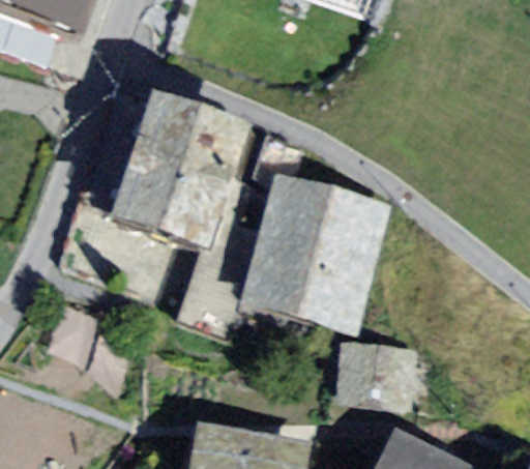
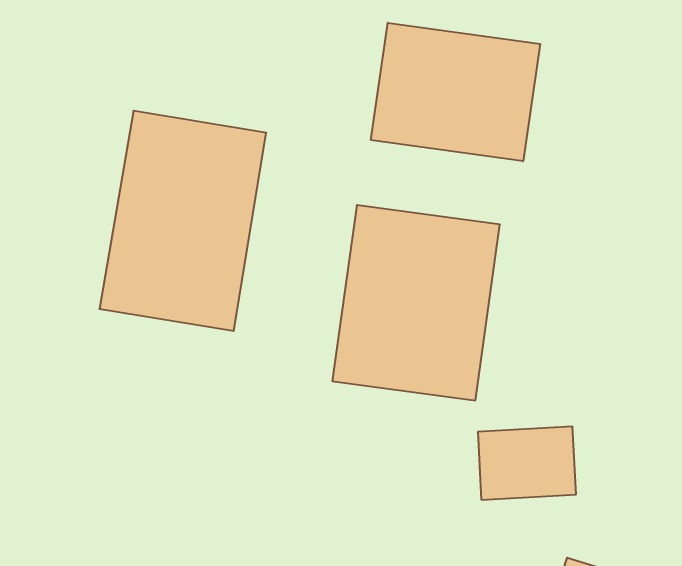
building: none -> [371,23,540,161]

